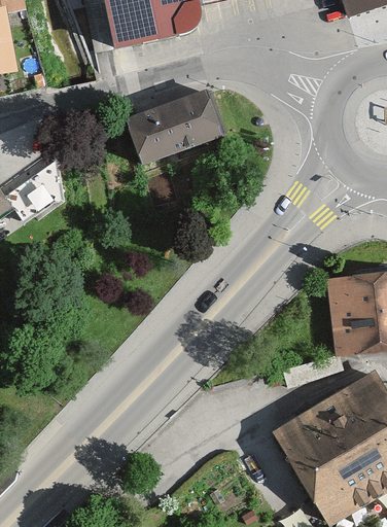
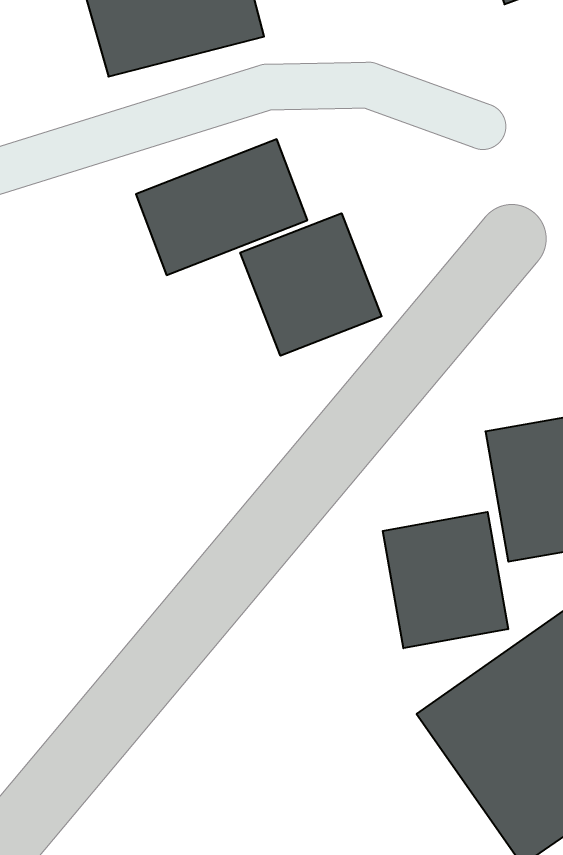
building: none -> [240,213,382,356]
building: none -> [383,512,508,648]

